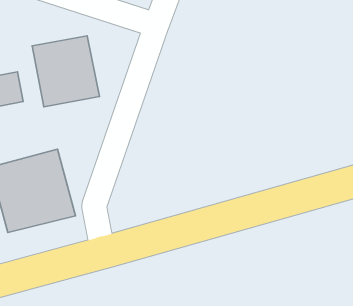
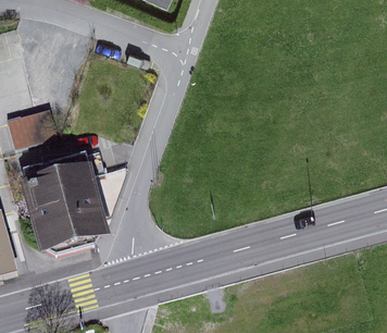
building: [32,36,99,107] -> none

